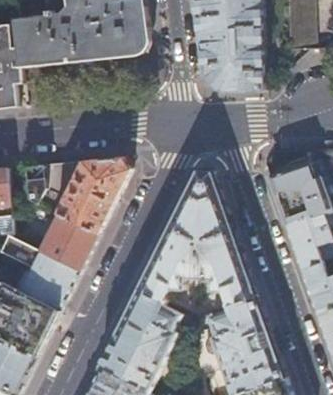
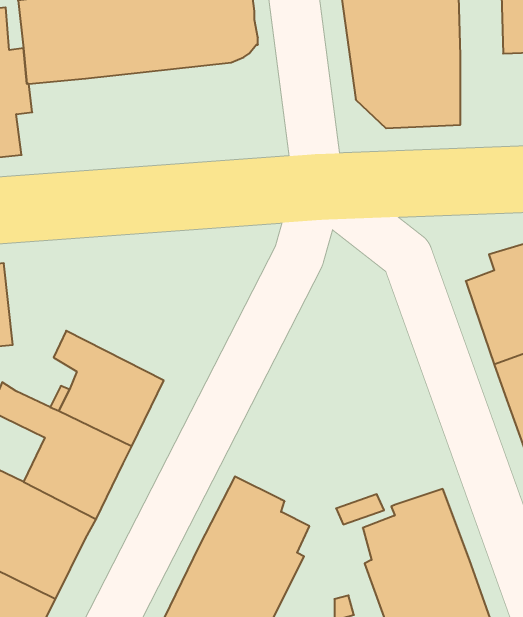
building: [26,155,129,232] -> none
building: [137,169,254,302] -> none

